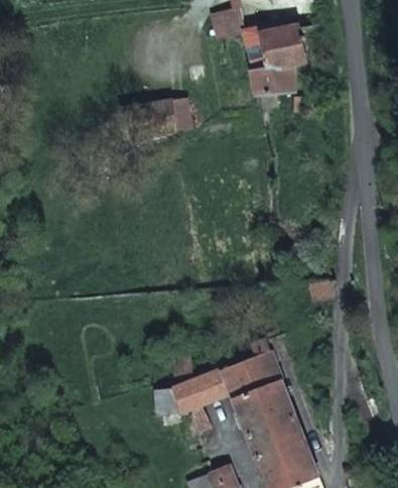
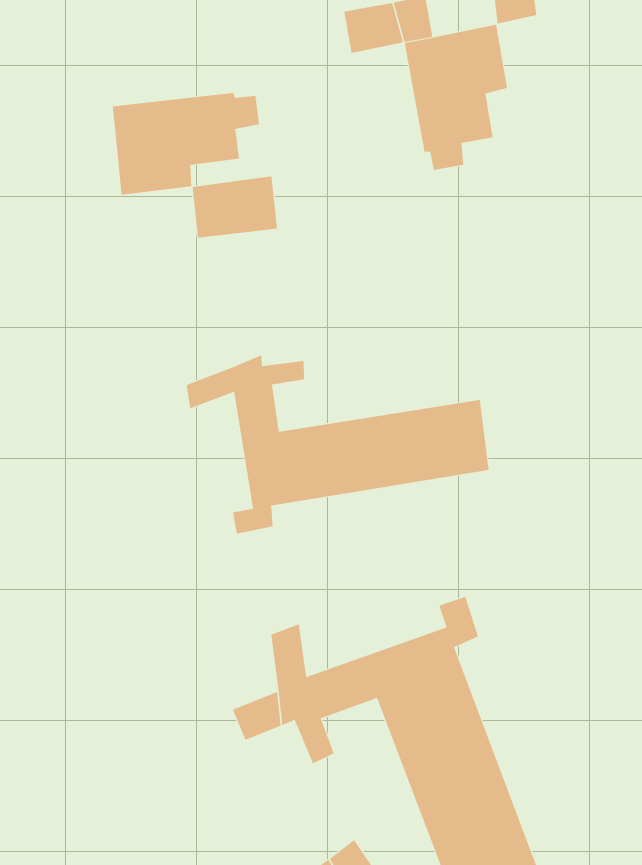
building: none -> [112,92,259,196]
building: none -> [186,355,489,535]

